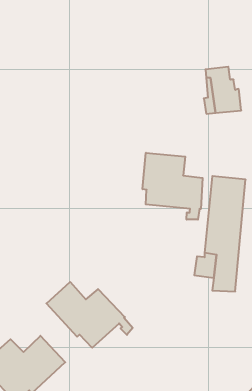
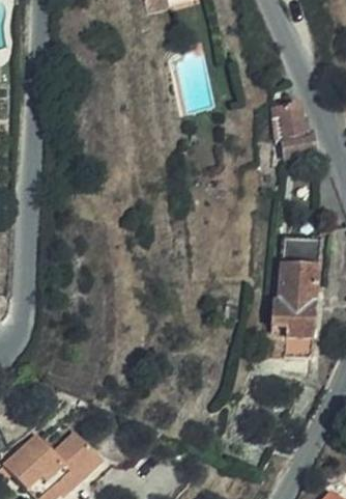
building: [143,153,203,220] -> none
building: [46,282,133,348] -> none

